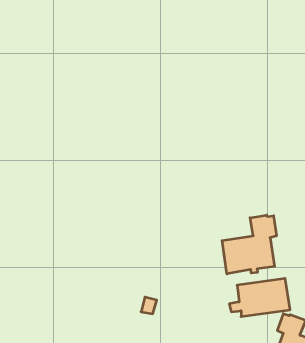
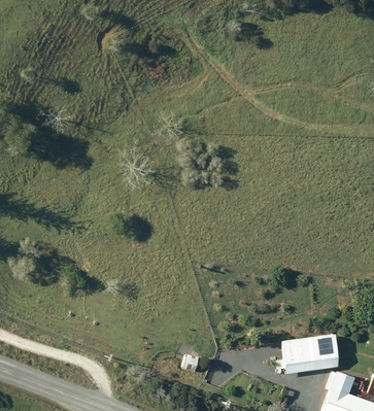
building: [222,215,276,274] -> none

